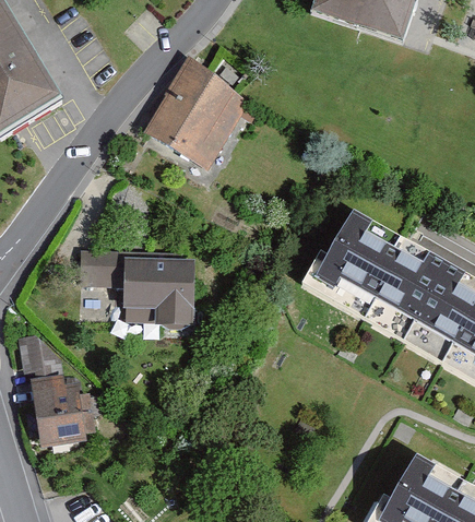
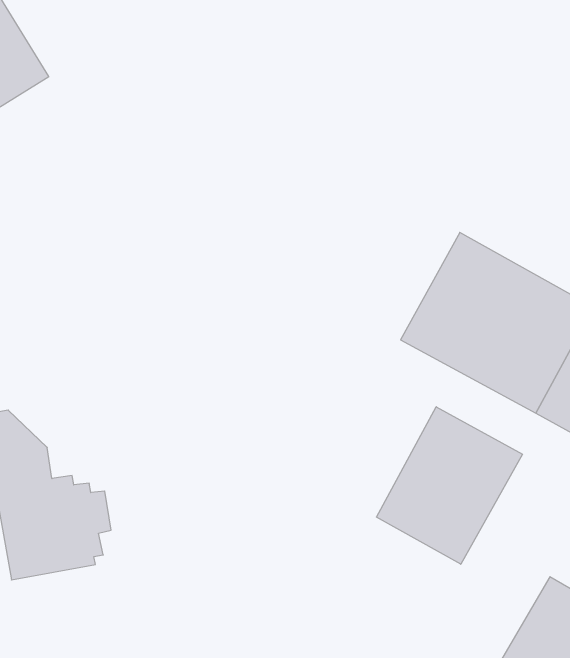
building: [151,62,247,164] -> none
building: [79,253,194,325] -> none
building: none -> [376,407,522,564]

